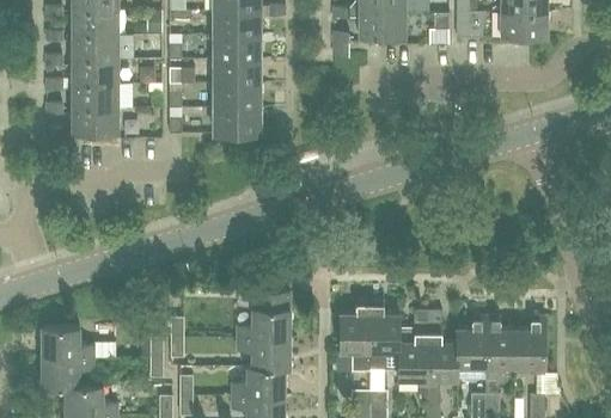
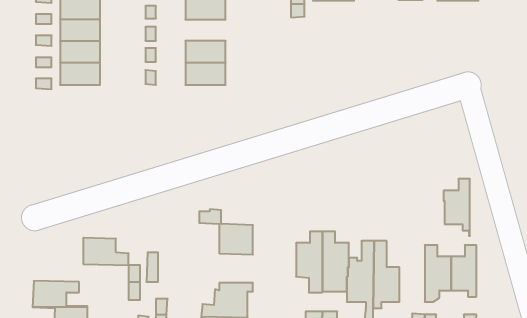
building: [214,61,259,85] -> none
building: [456,316,485,381] -> [444,179,470,236]
building: [237,326,291,359] -> none
building: [42,327,93,358] -> [83,238,129,265]

